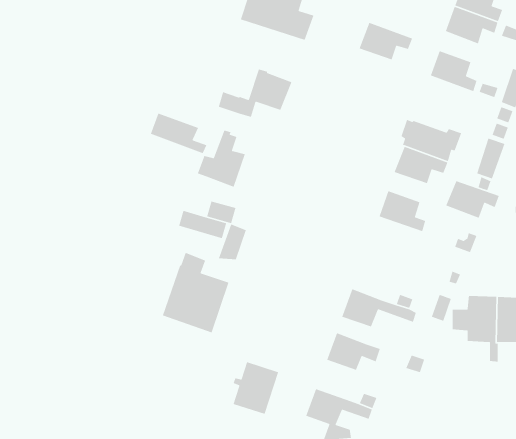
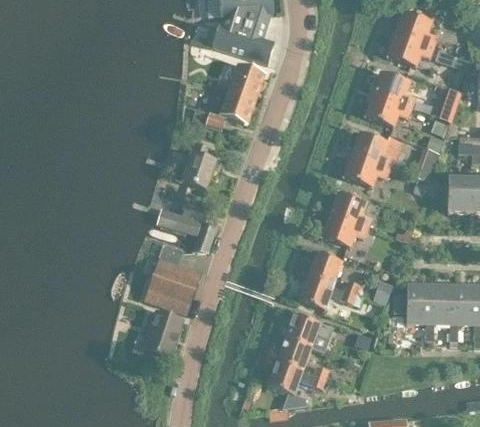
building: [358,22,413,60] -> [365,93,412,126]
building: none -> [227,61,265,98]
building: [150,113,208,154] -> none
building: [445,180,500,219] -> [321,214,368,247]
building: none -> [307,251,342,285]
building: none -> [276,337,311,370]
building: [233,361,279,415] -> [143,310,183,356]

